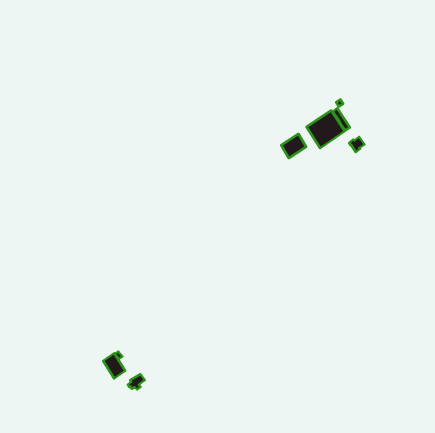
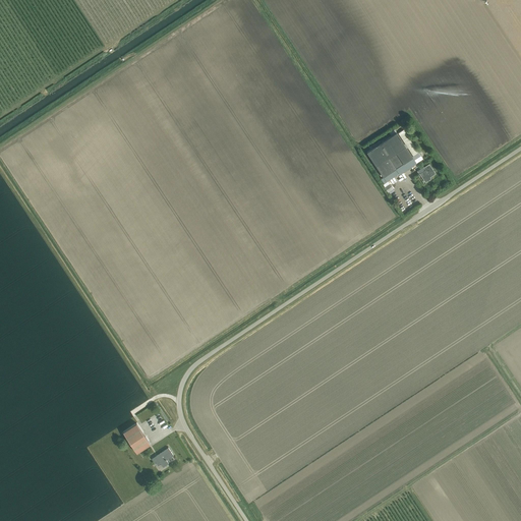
building: [281,134,306,158] -> none

